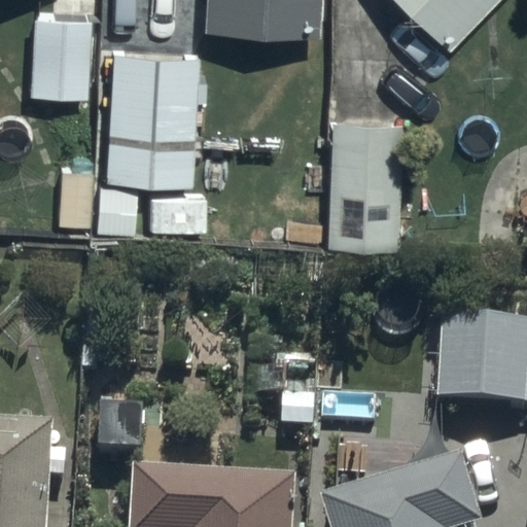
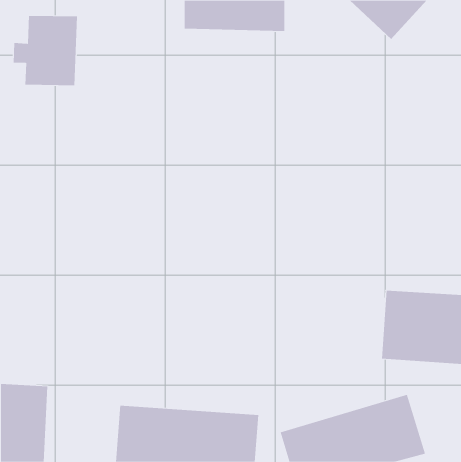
building: [105,54,199,188] -> none
building: [321,124,401,247] -> none

